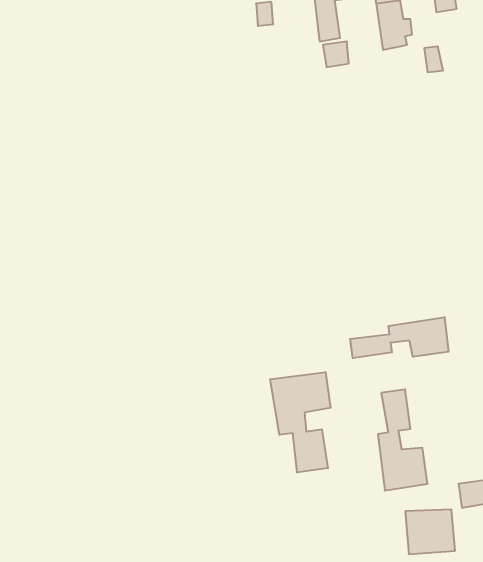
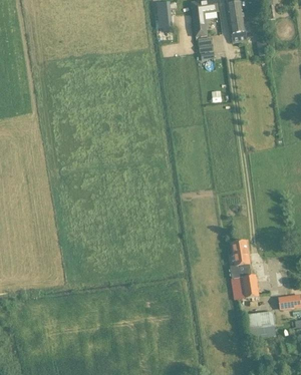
building: [350,317,449,358] -> none
building: [270,372,331,473] -> none

